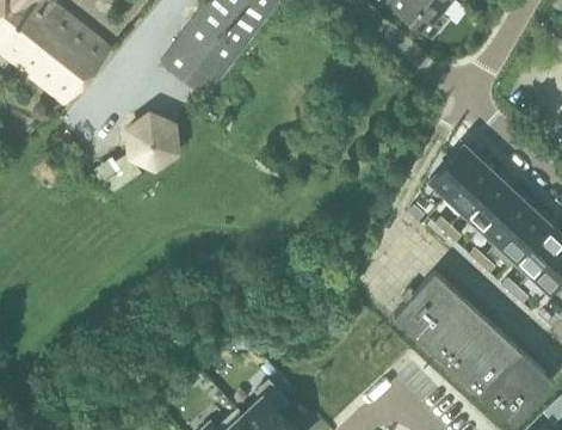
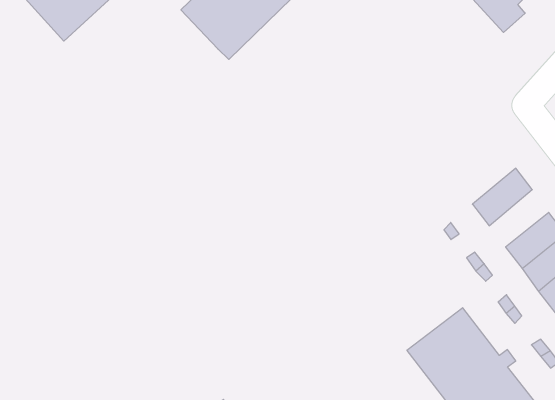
building: [123,111,180,173] -> none
building: [445,166,493,217] -> none

